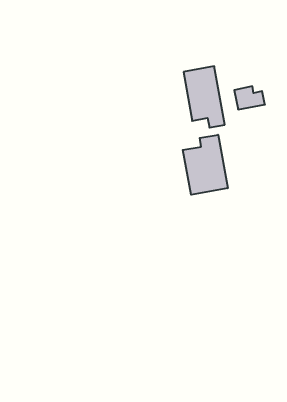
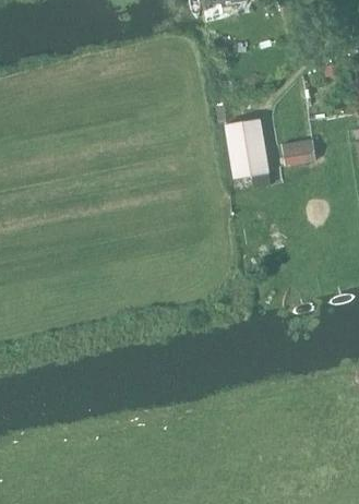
building: [183,135,228,195] -> none

